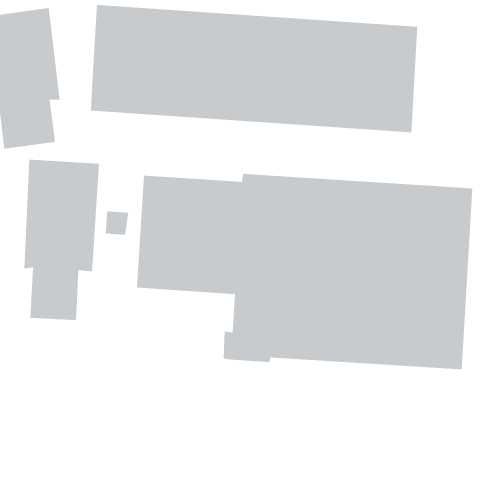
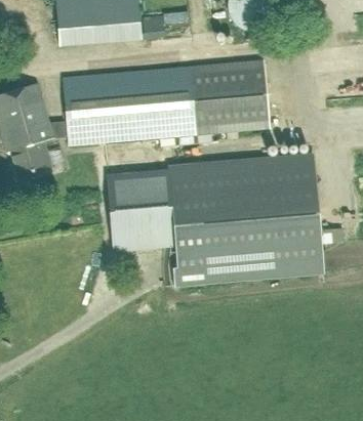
building: [24,159,99,321] -> none

